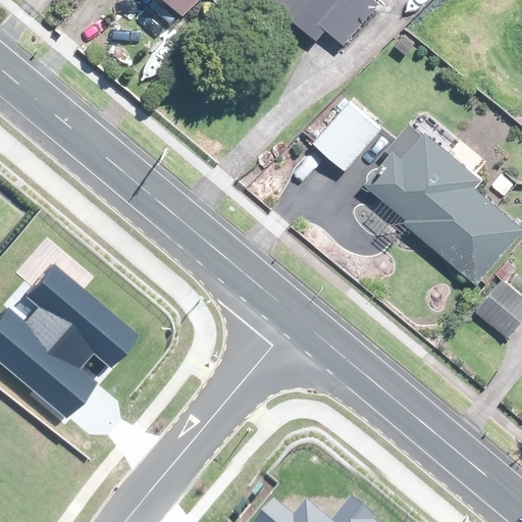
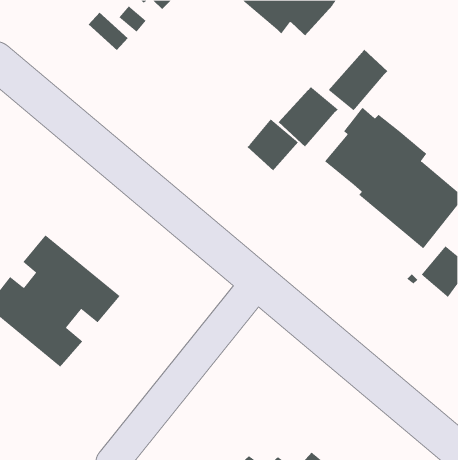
building: none -> [328,49,388,111]
building: none -> [247,118,299,171]

